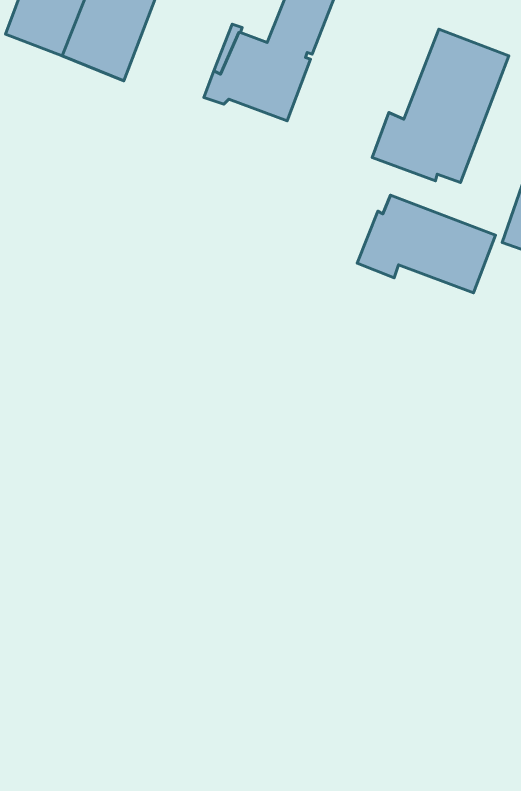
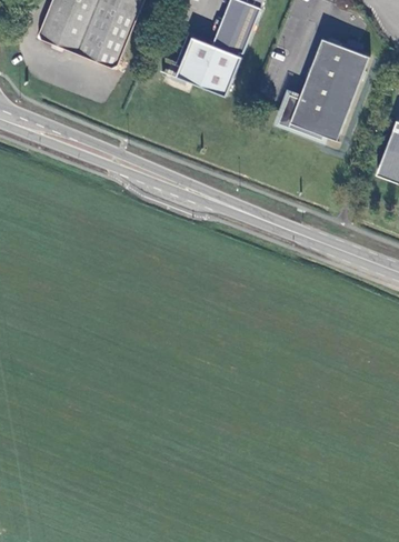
building: [357,195,495,293] -> none

